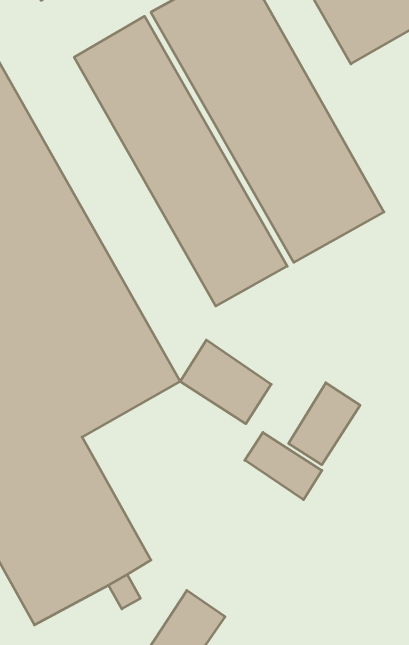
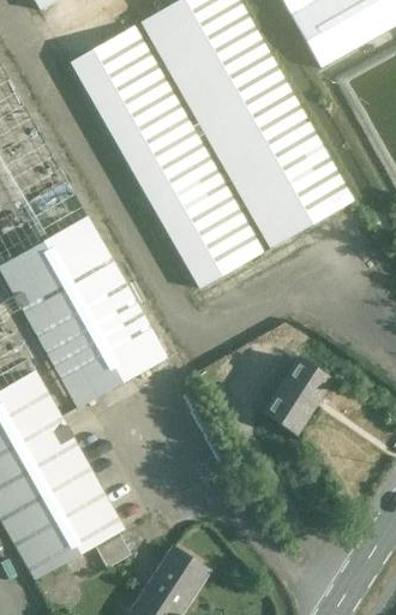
building: [180,340,271,424] -> none
building: [245,432,322,500] -> none

